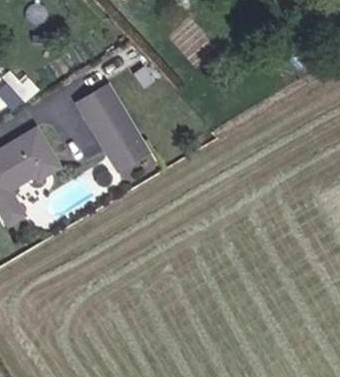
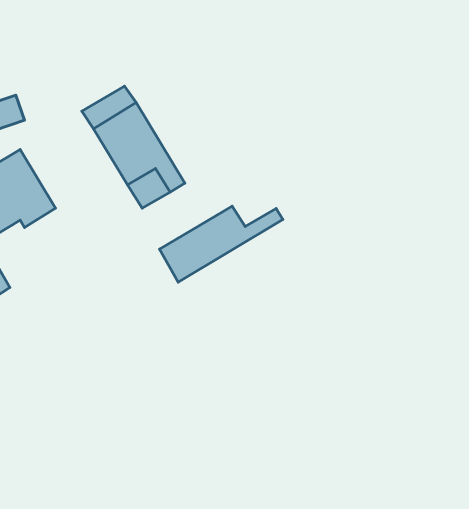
building: none -> [160,206,283,282]

